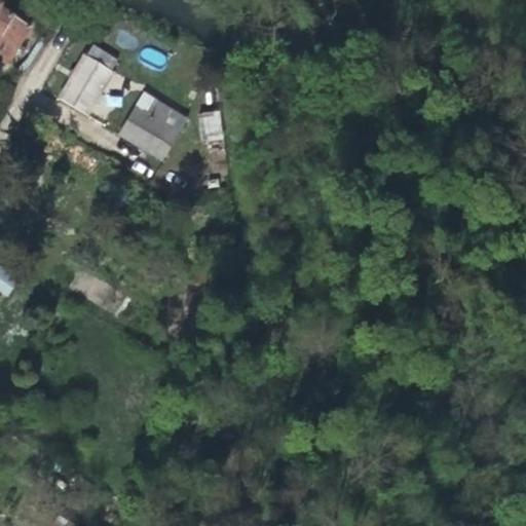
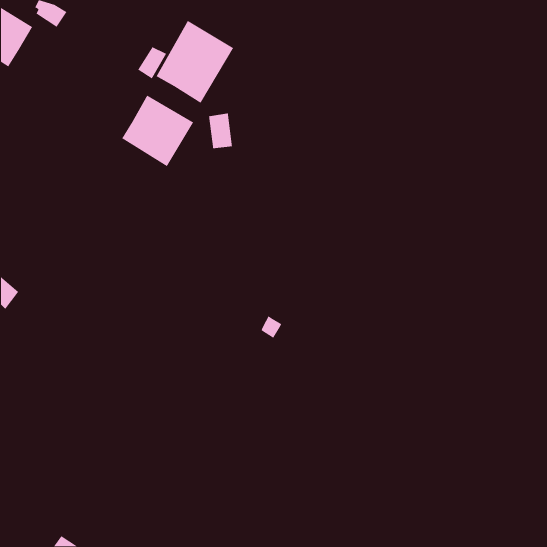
building: none -> [155,20,234,104]
building: [58,53,113,115] -> none

